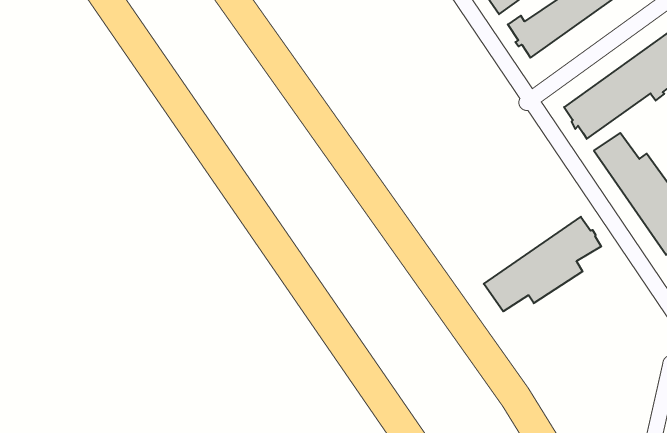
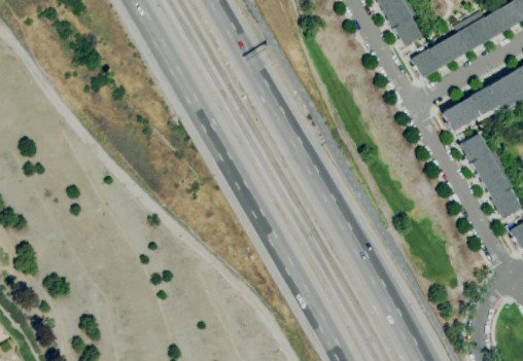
building: [484,217,601,311] -> none

